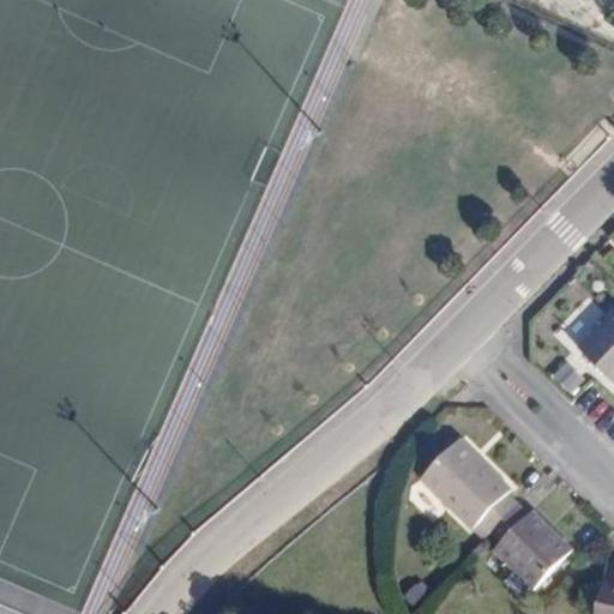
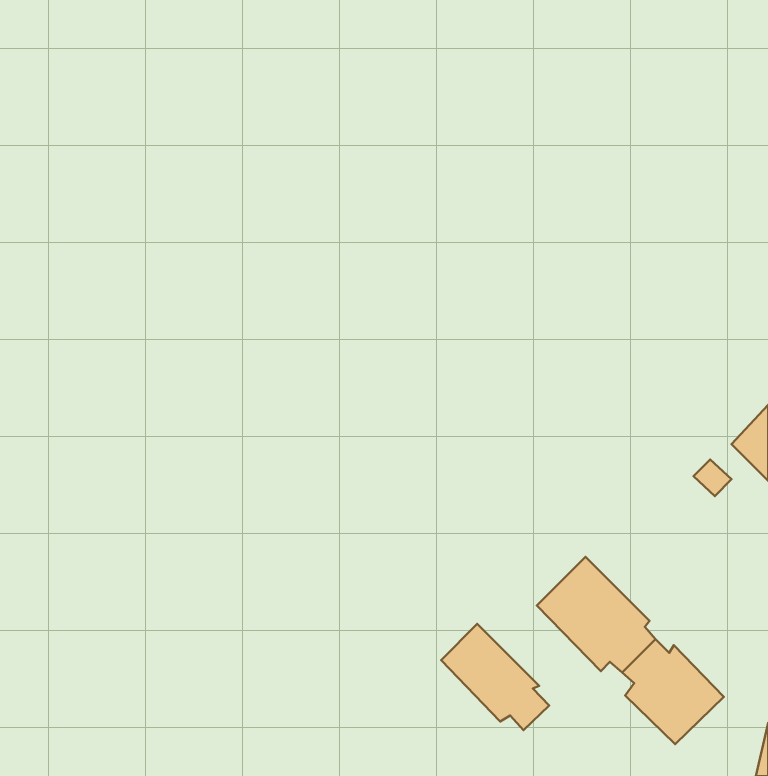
building: none -> [441,624,549,730]

